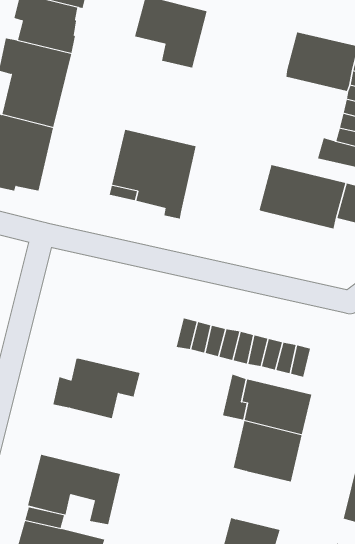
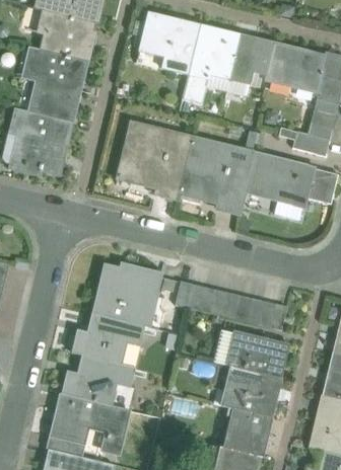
building: none -> [182,25,274,104]
building: none -> [179,138,253,214]
building: none -> [92,265,160,327]
building: none -> [61,356,135,406]
building: none -> [223,408,270,457]

